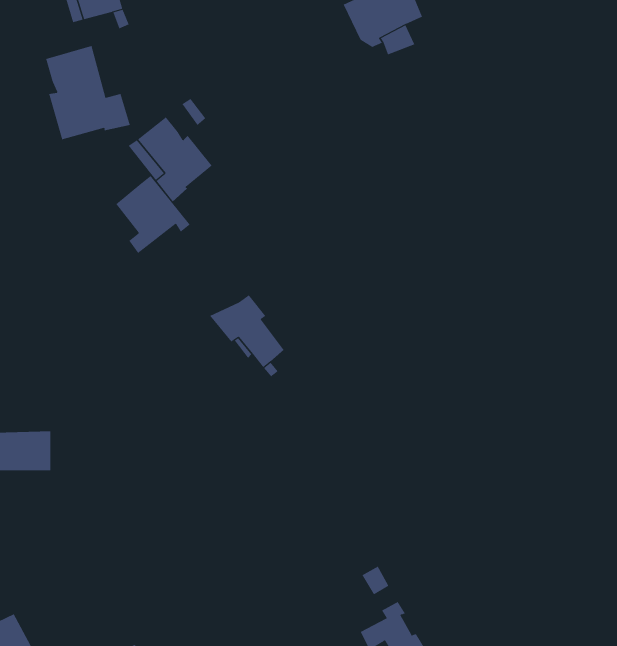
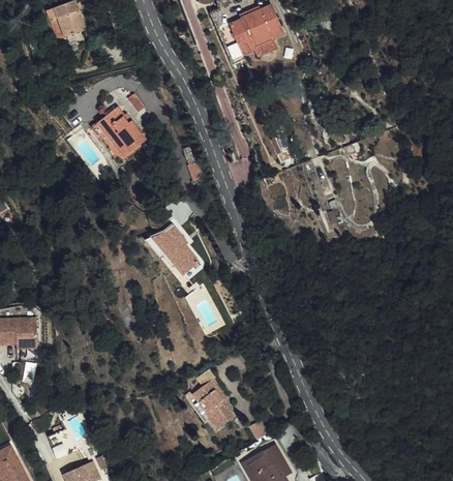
building: [45,45,131,140] -> none
building: [116,175,190,254] -> none
building: none -> [183,372,232,423]

